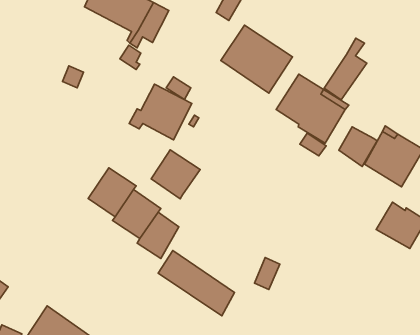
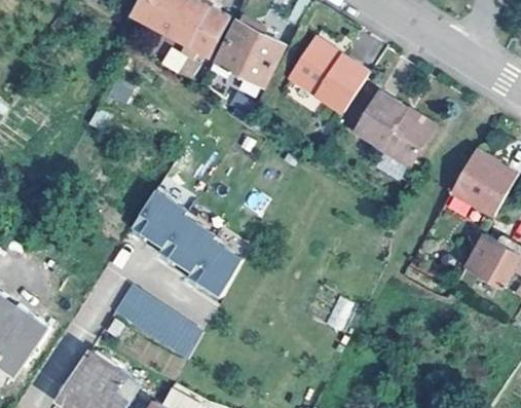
building: [324,38,367,100] -> none
building: [129,84,192,140] -> [210,23,281,85]
building: [339,127,377,167] -> none
building: [151,150,200,199] -> none
building: [158,251,234,316] -> [114,288,200,362]

